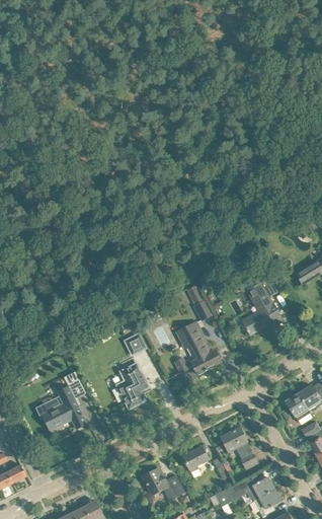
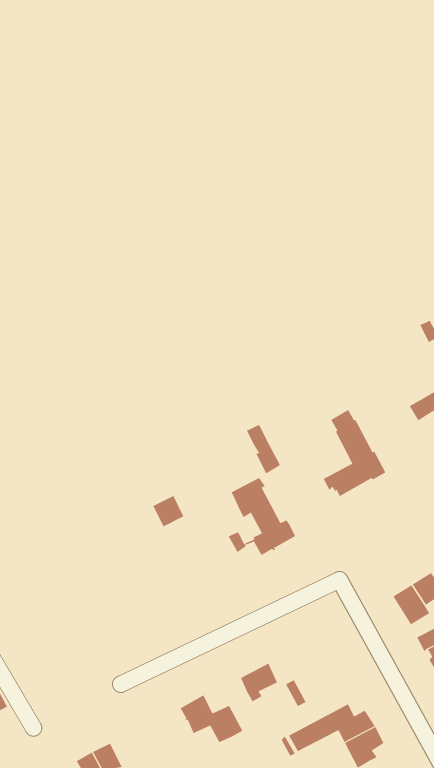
building: [116,364,148,409] -> none
building: [42,386,86,430] -> none
building: [220,427,257,466] -> none

